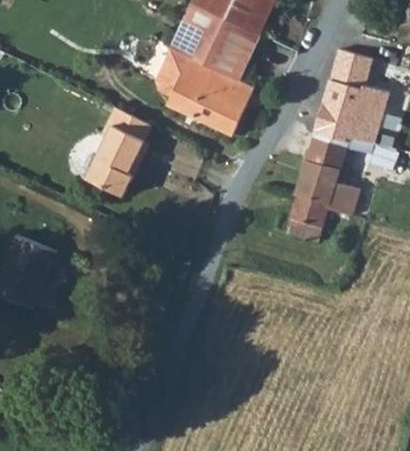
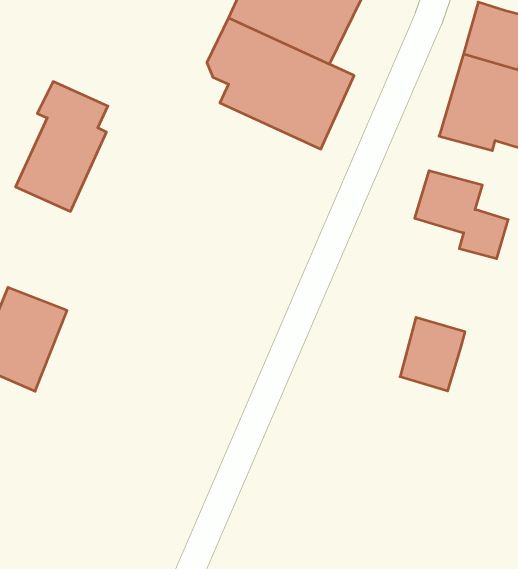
building: [86,108,150,198] -> [16,82,108,211]
building: [306,132,350,166] -> none
building: [285,189,330,240] -> [400,317,465,391]

